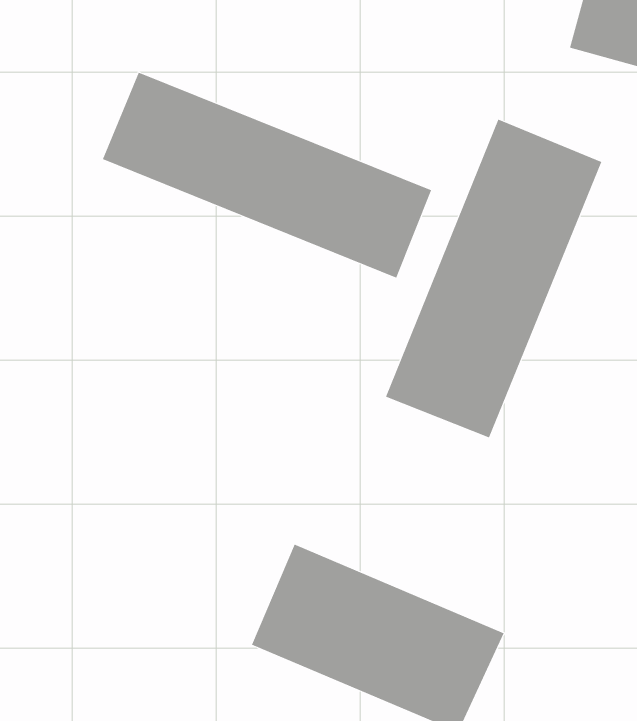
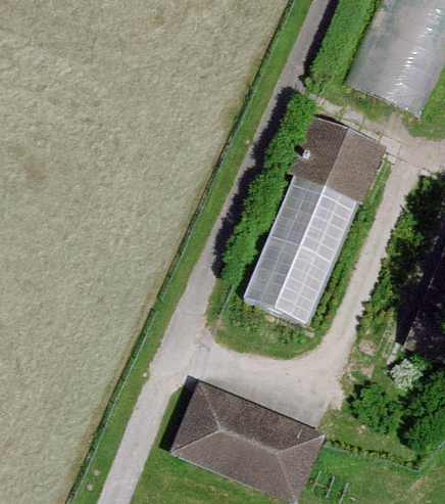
building: [102,72,432,279] -> none

